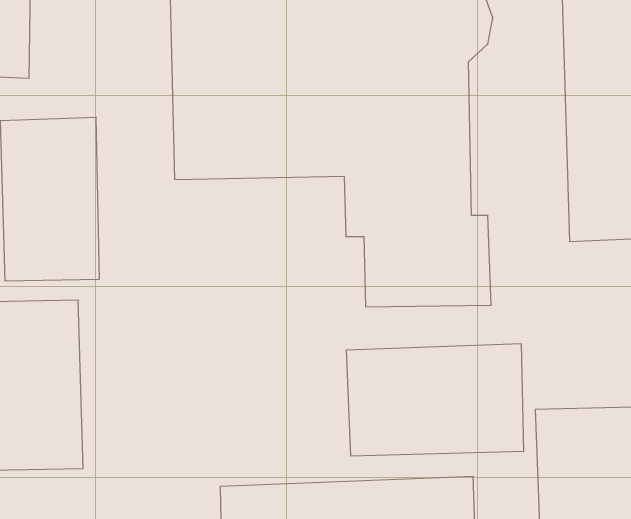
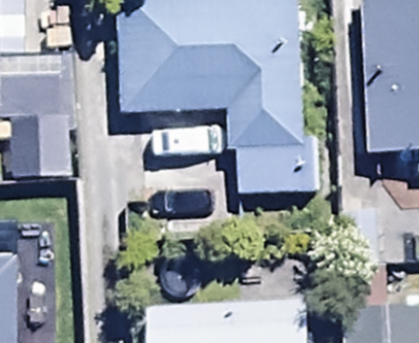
building: [347,344,524,456] -> none

